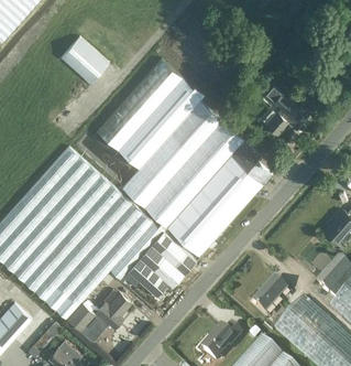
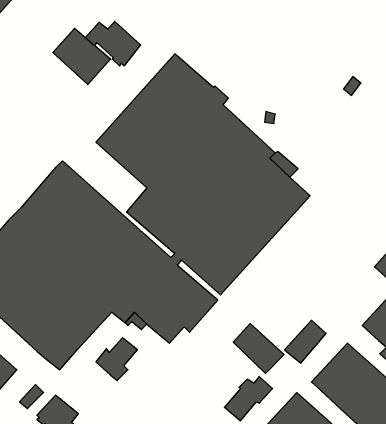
building: none -> [85,21,141,66]
building: [267,93,306,133] -> none
building: none -> [233,324,284,373]
building: [67,301,109,340] -> none

